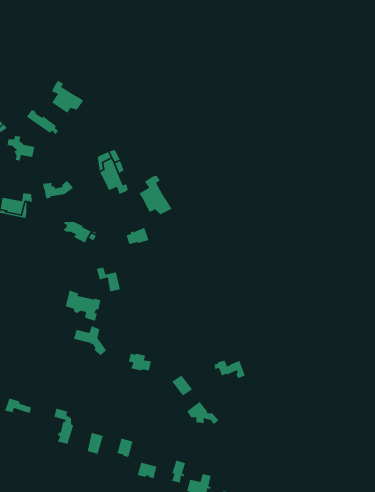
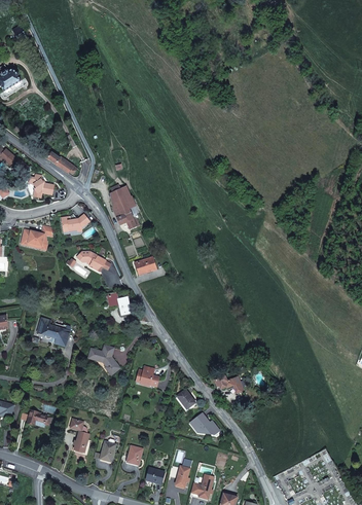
building: [51,80,84,114] -> none
building: [139,174,172,215] -> none
building: [65,290,101,322] -> [38,318,71,347]

